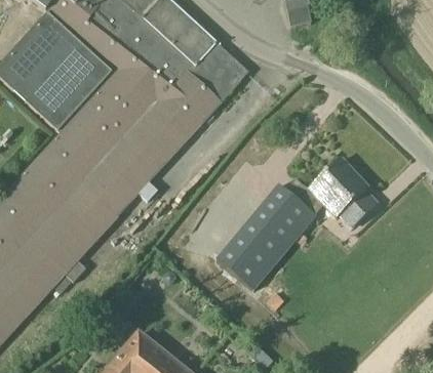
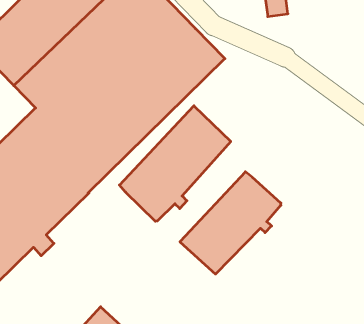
building: none -> [119,106,231,221]
building: [284,158,377,230] -> none

